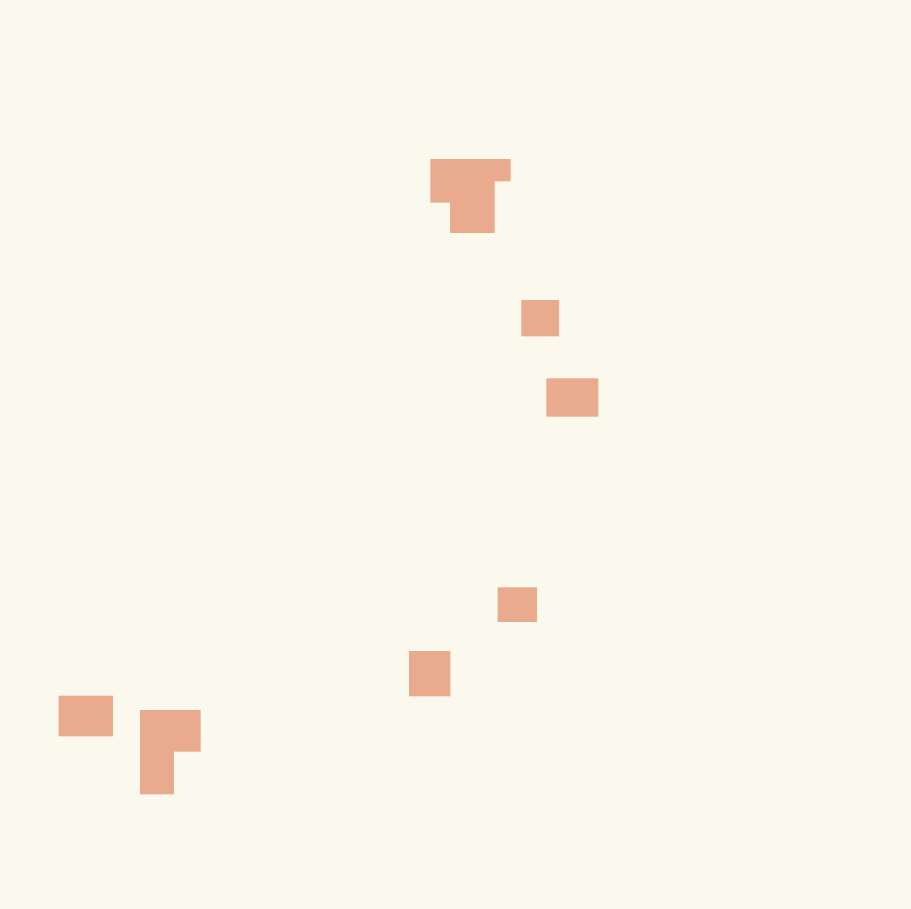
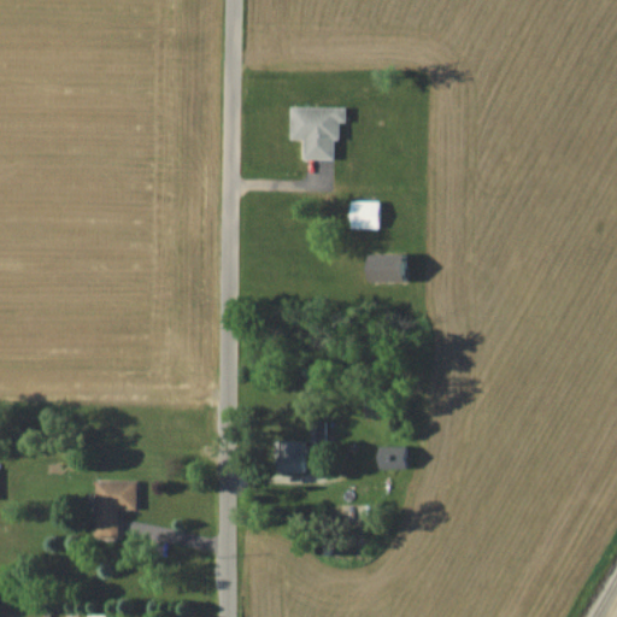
building: [497,587,538,623] -> [378,446,406,470]
building: [58,695,113,737] -> none

